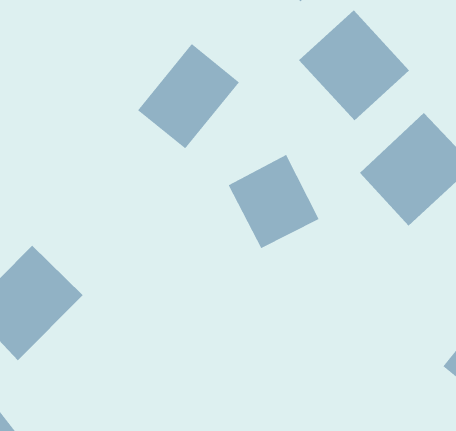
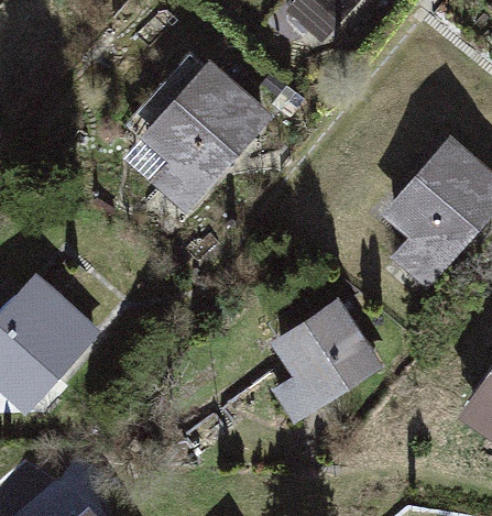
building: [298,9,410,121] -> none
building: [228,154,319,249] -> [275,307,373,408]

